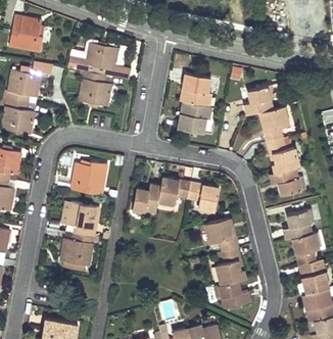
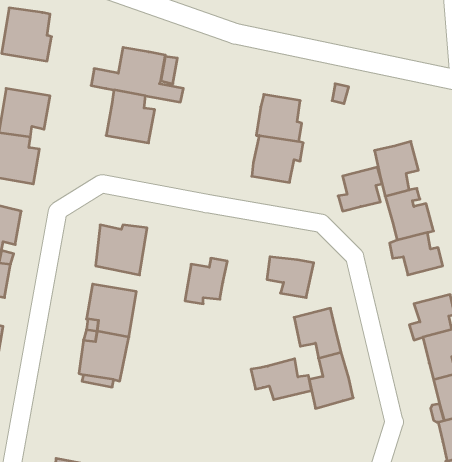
building: [244,86,274,115] -> [338,167,382,211]
building: [157,178,189,204] -> none
building: [208,281,249,308] -> [251,359,311,400]

